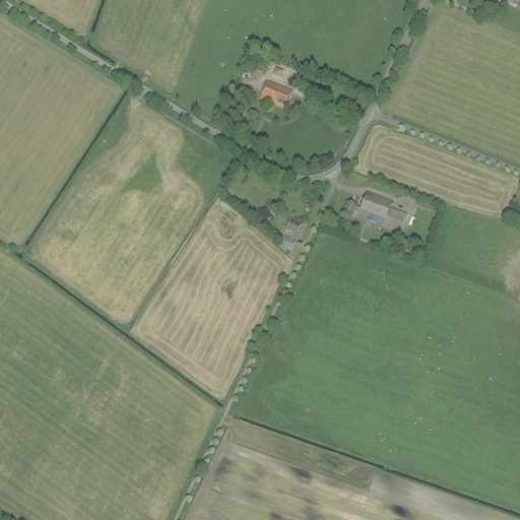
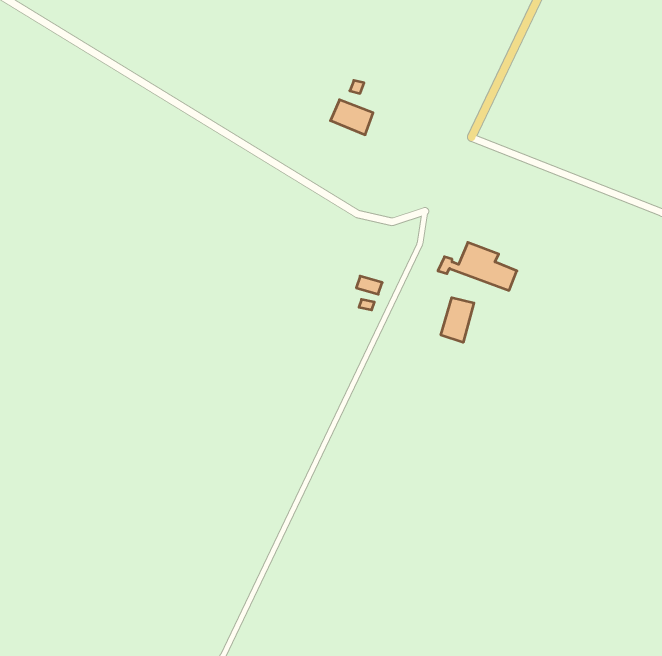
building: none -> [441,298,474,342]

